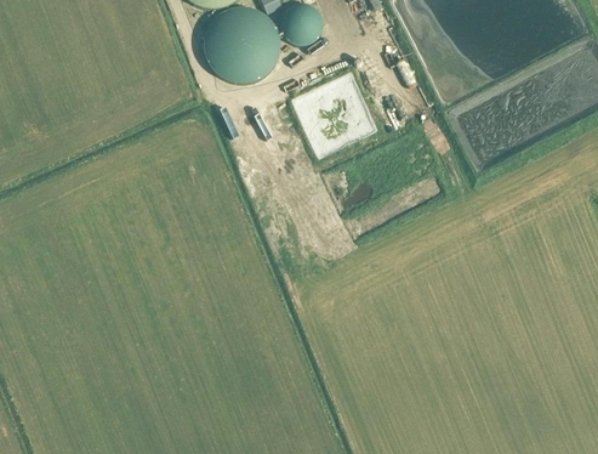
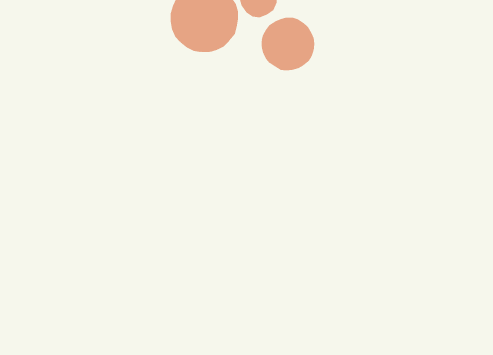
building: none -> [261,17,315,71]

